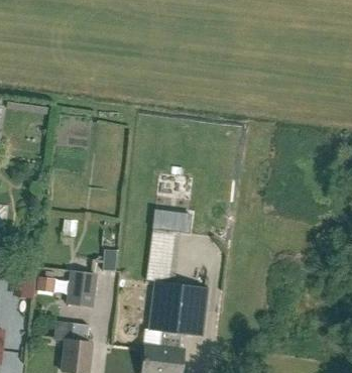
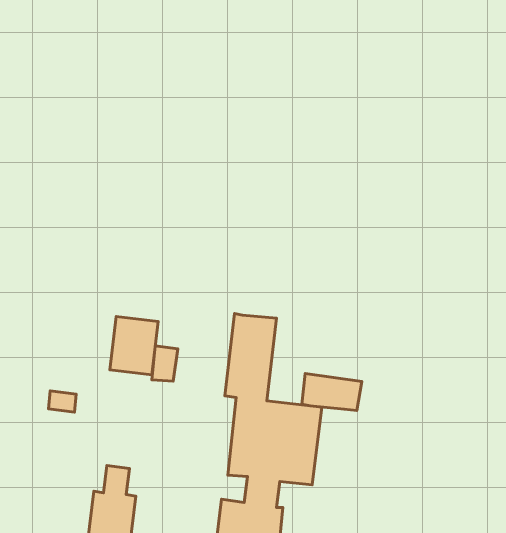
building: [153,210,191,233] -> [302,373,362,411]
building: [64,271,94,307] -> [110,317,158,375]

